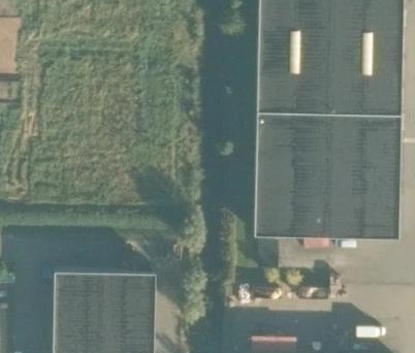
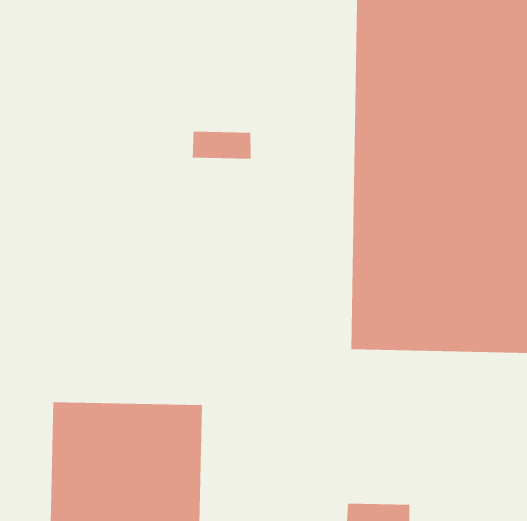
building: none -> [192,131,251,160]

